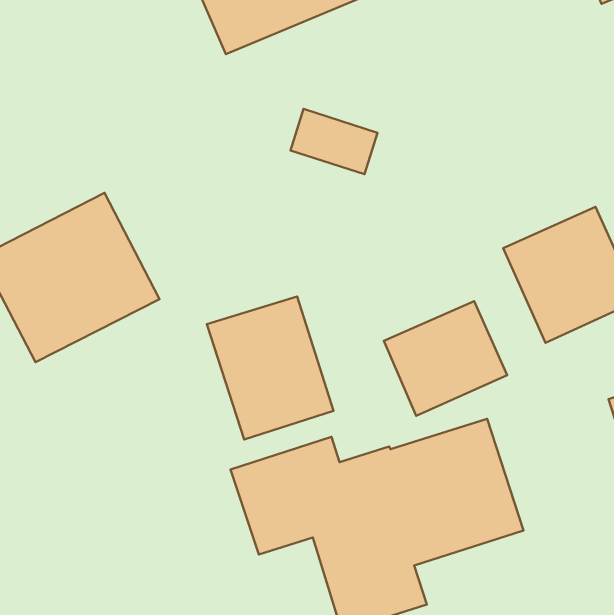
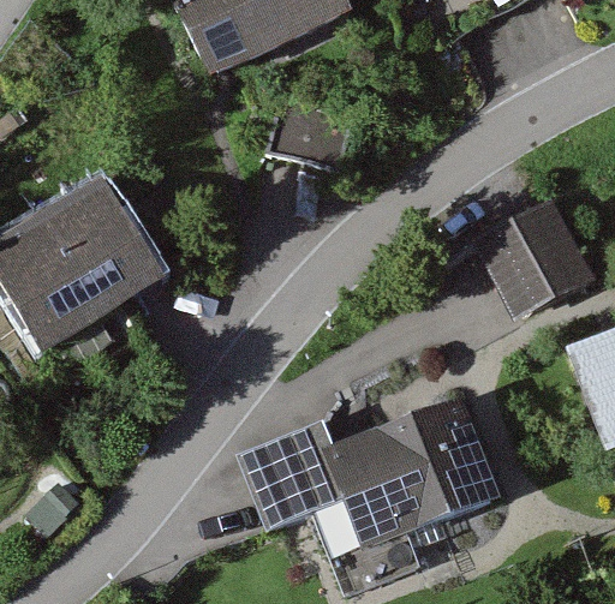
building: [207,296,334,440] -> none
building: [384,301,507,416] -> none

